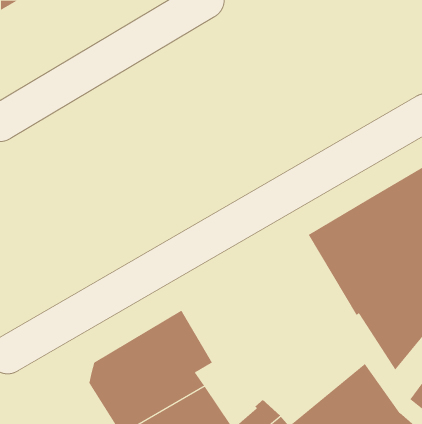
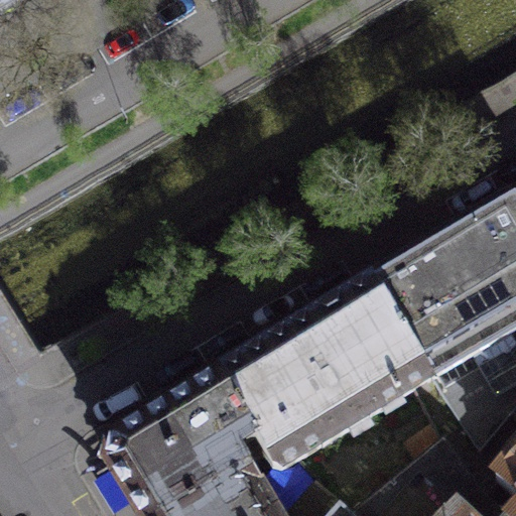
building: none -> [225,286,435,473]

